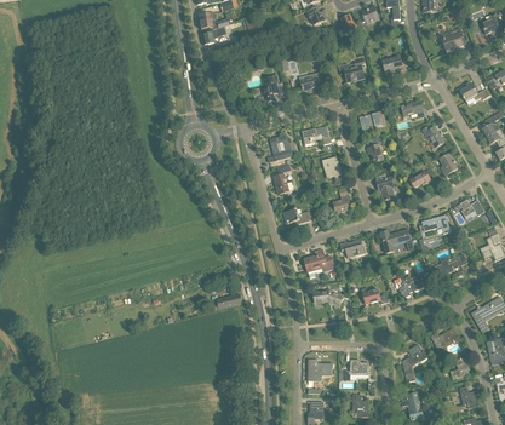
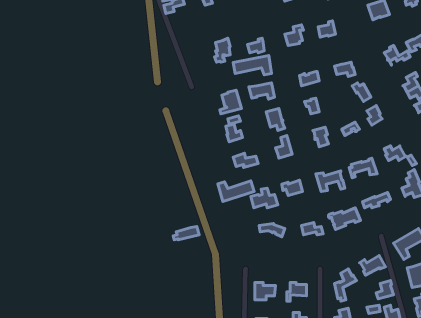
building: none -> [233,56,272,75]
building: none -> [218,181,254,201]

